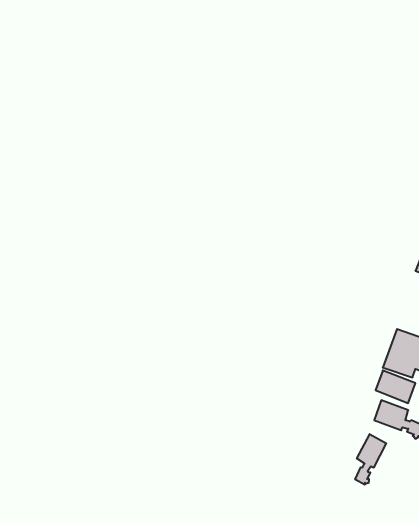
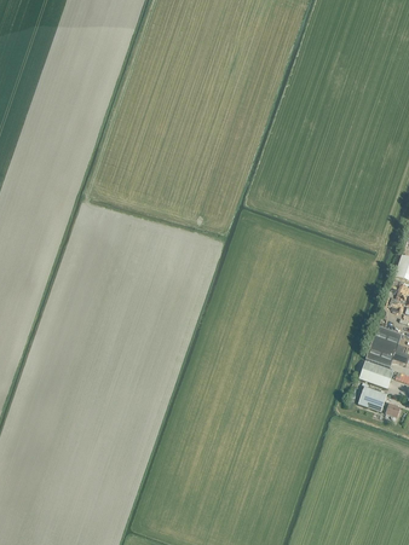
building: [355,434,386,485] -> none

